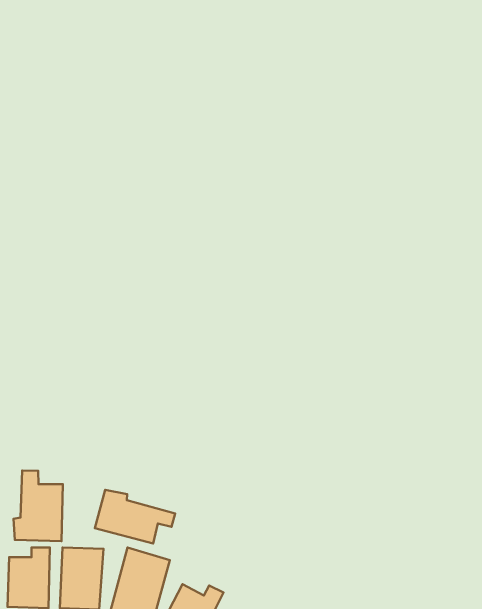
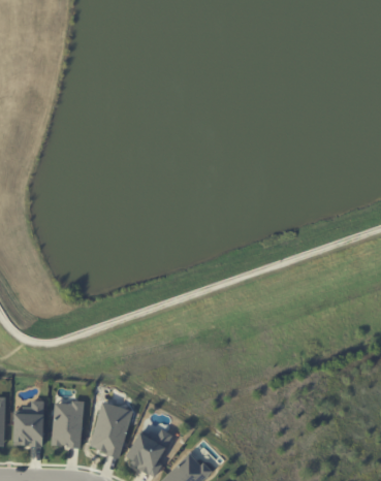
building: [14,470,63,541] -> none
building: [95,490,175,544] -> none

